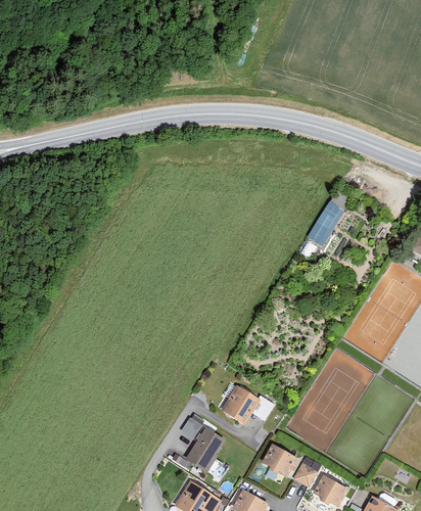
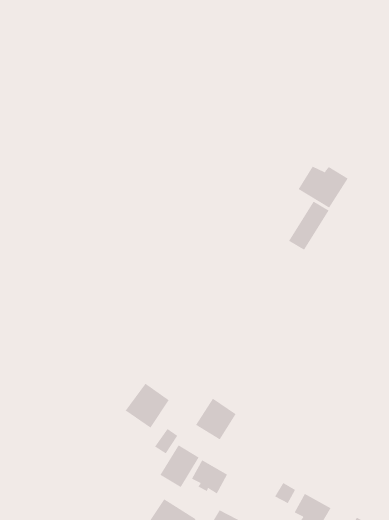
building: none -> [298,166,349,209]
building: none -> [125,383,169,429]
building: [262,444,296,476] -> [191,459,228,494]

